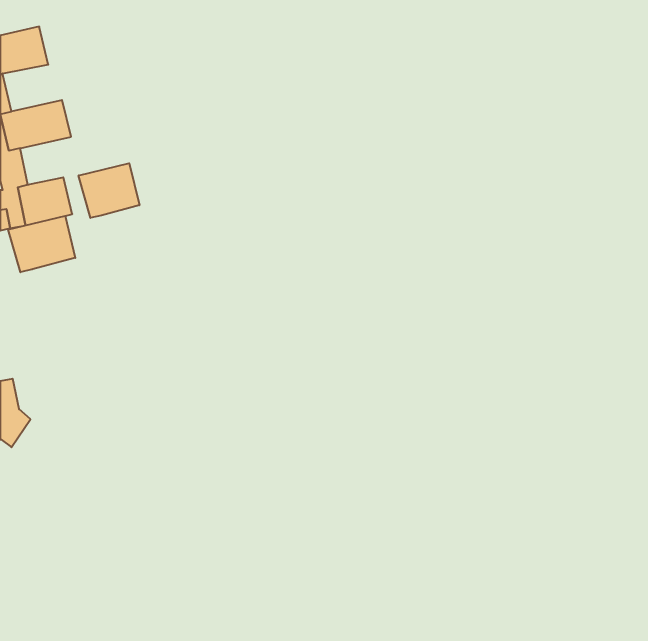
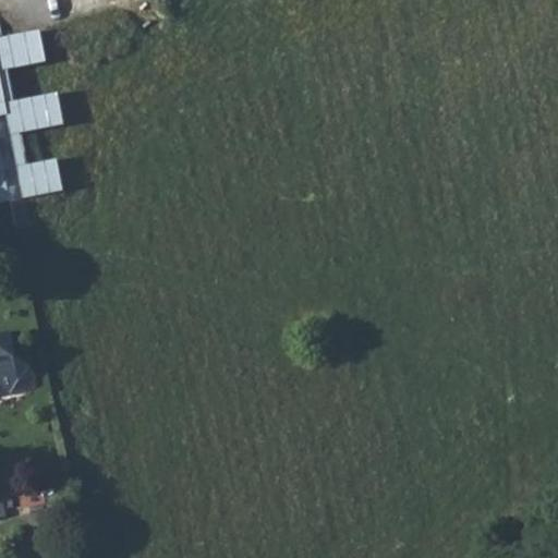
building: [79,163,139,218] -> none
building: [8,216,75,272] -> none

